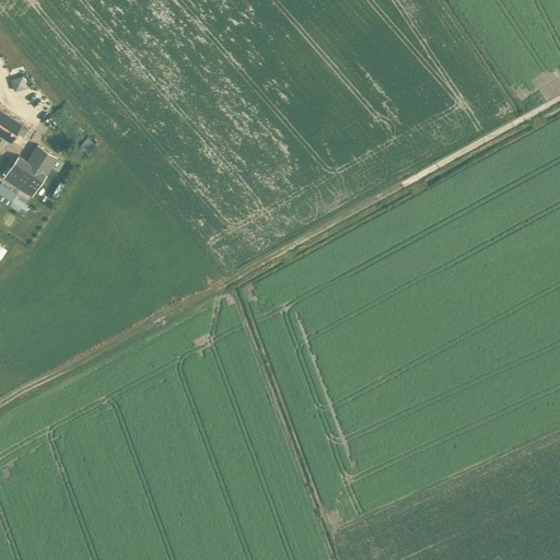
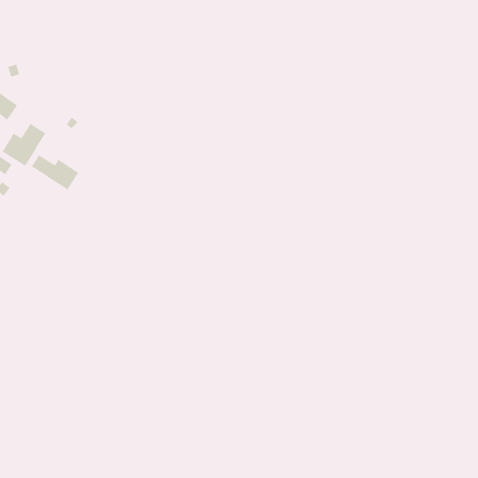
building: none -> [31,155,79,190]

